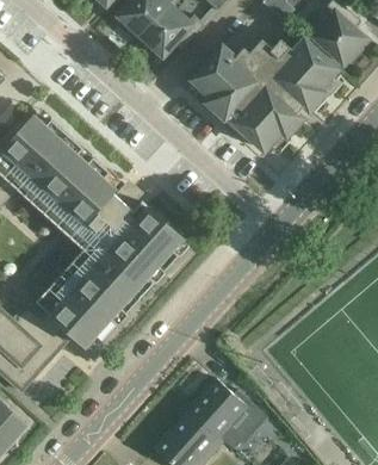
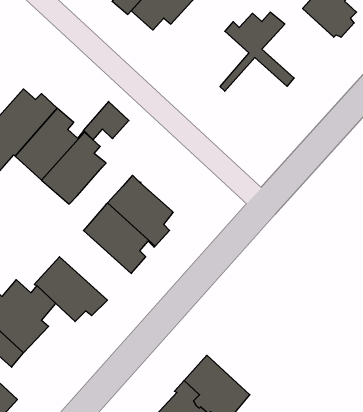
building: [269,41,335,111] -> none
building: [191,48,256,118] -> none
building: [229,85,300,150] -> none
building: [86,193,131,231] -> [83,101,129,140]
building: [68,256,140,326] -> none

